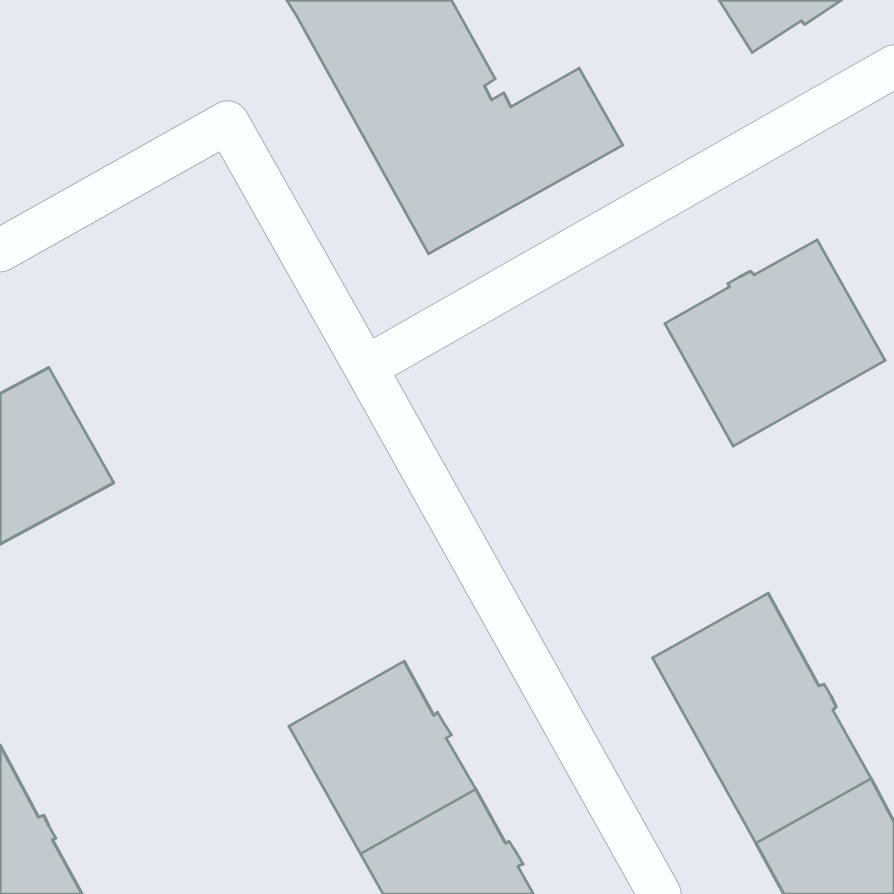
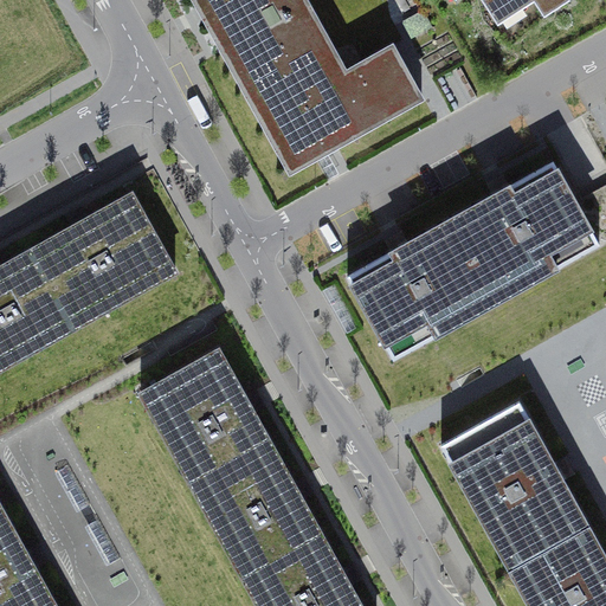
building: none -> [33,193,175,327]
building: none -> [347,219,496,359]
building: none -> [141,349,273,491]

